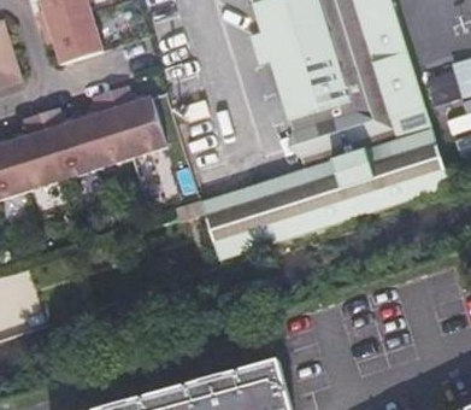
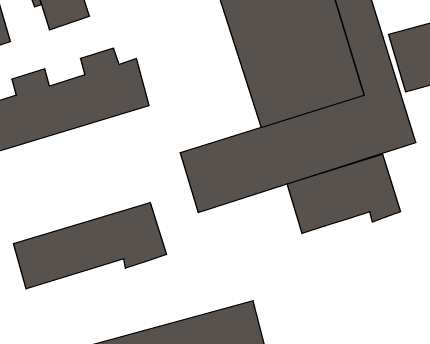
building: none -> [287,154,401,234]
building: none -> [13,202,166,289]

